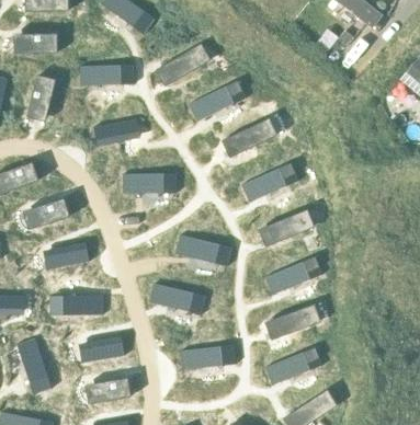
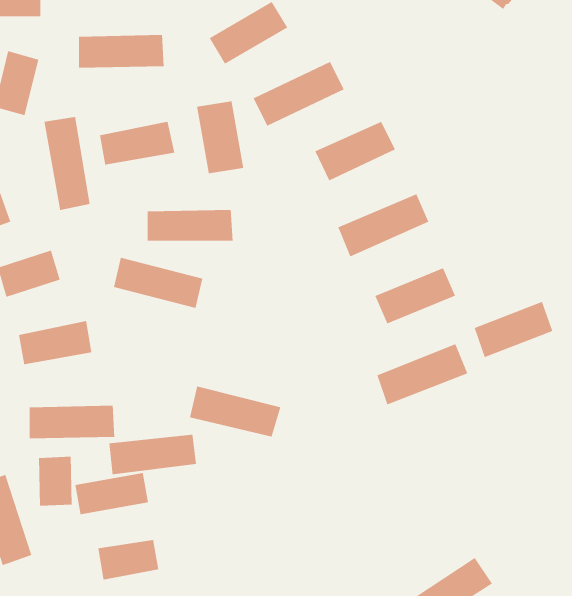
building: none -> [196,100,244,174]
building: none -> [44,116,90,211]
building: [174,234,230,266] -> [113,257,203,308]
building: [270,303,319,338] -> [474,301,553,358]
building: none -> [38,456,72,507]
building: [179,345,234,370] -> [108,434,197,475]
building: [263,347,320,384] -> none

